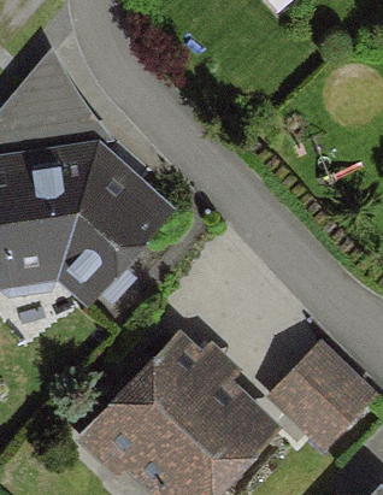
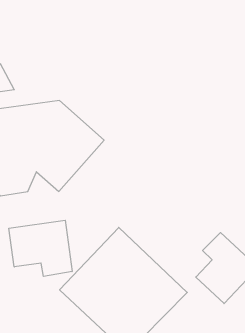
building: none -> [9,220,72,276]

